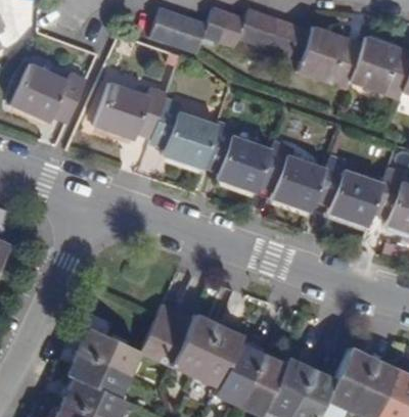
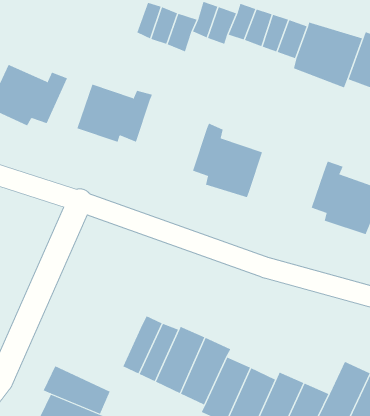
building: [150,100,218,170] -> none
building: [259,141,327,212] -> none
building: [76,325,139,374] -> none

